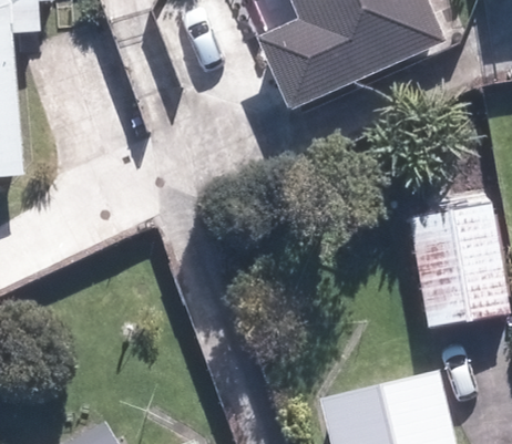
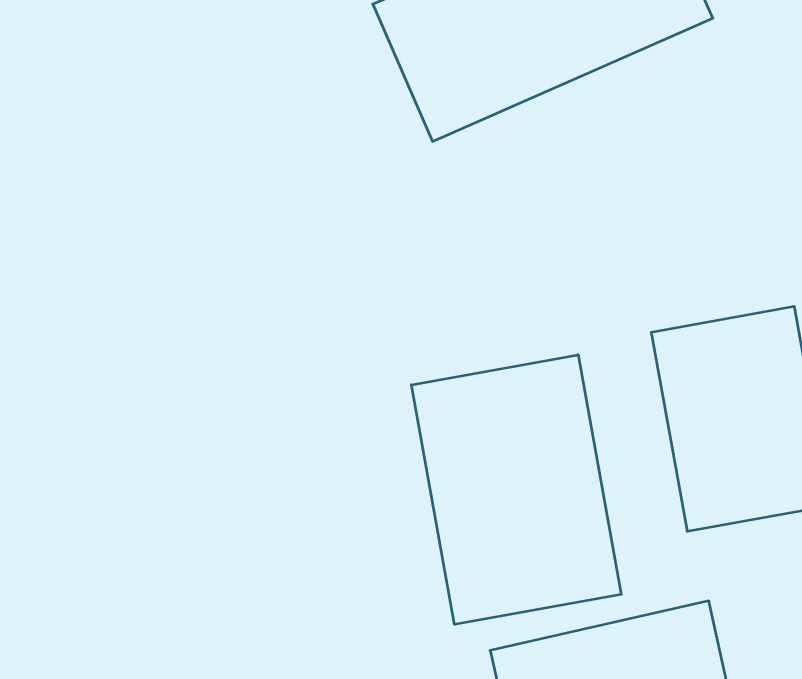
building: none -> [411,355,621,624]

